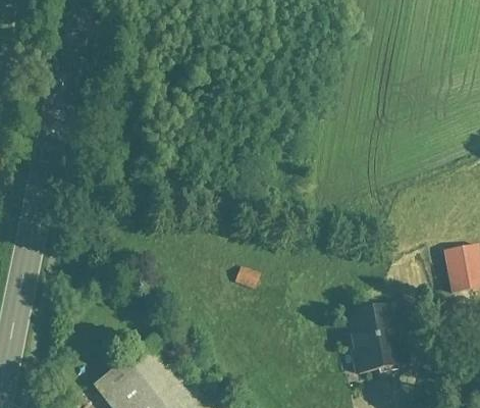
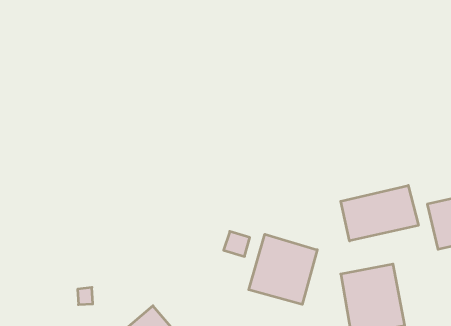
building: none -> [341,185,418,241]
building: none -> [249,234,317,304]

